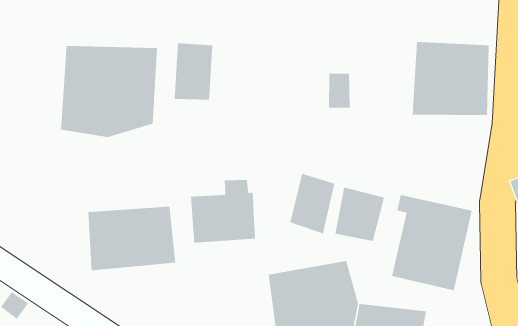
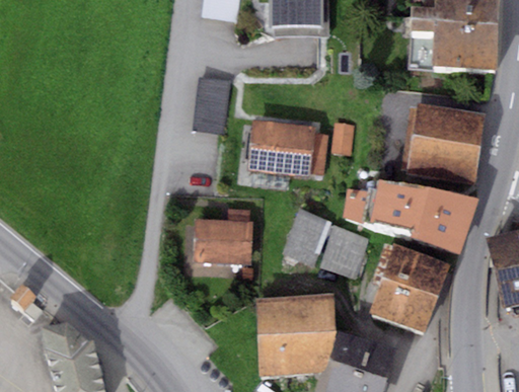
building: [60,45,158,138] -> none
building: none -> [246,120,328,177]
building: none -> [344,180,477,252]
building: [88,206,176,271] -> none

